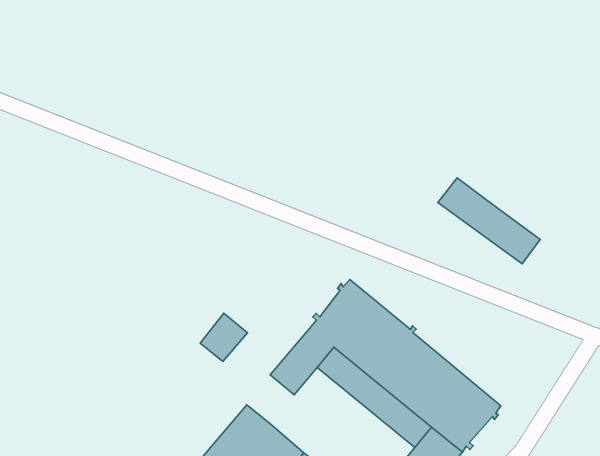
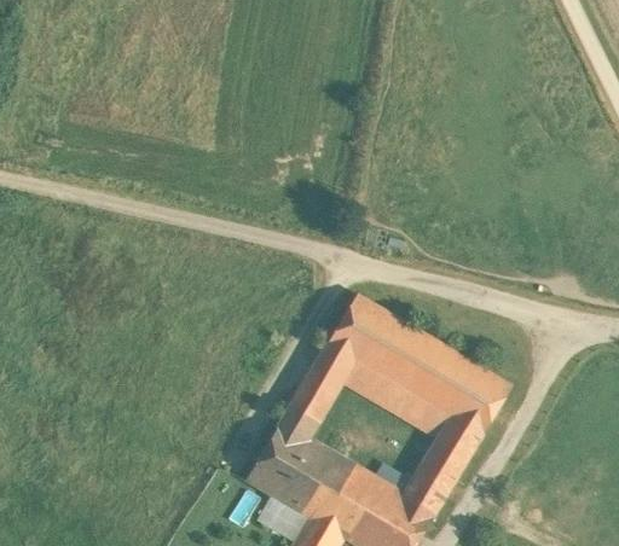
building: [438,178,540,264] -> none
building: [200,313,248,361] -> [282,391,323,435]

